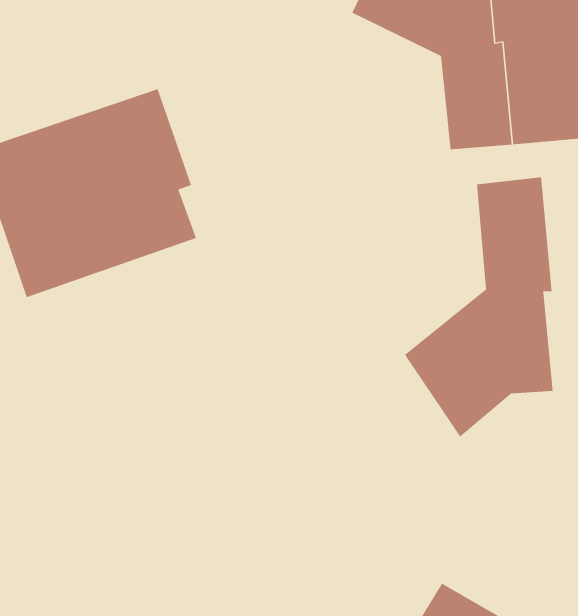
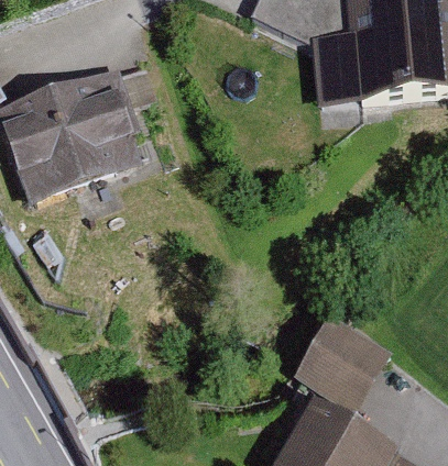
building: [404,177,553,437] -> none
building: none -> [294,314,390,410]

